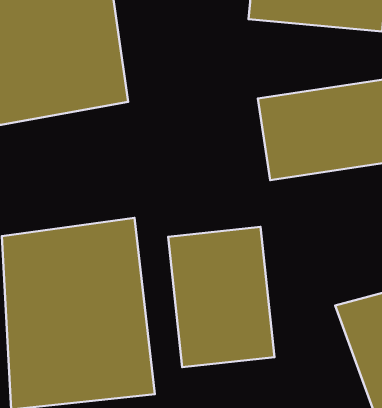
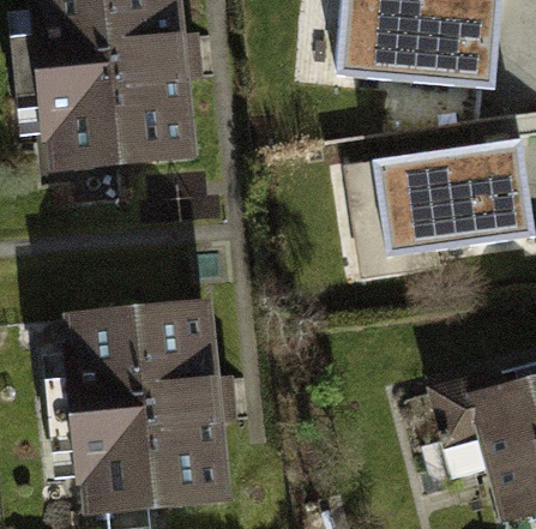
building: [168,227,275,367] -> none

